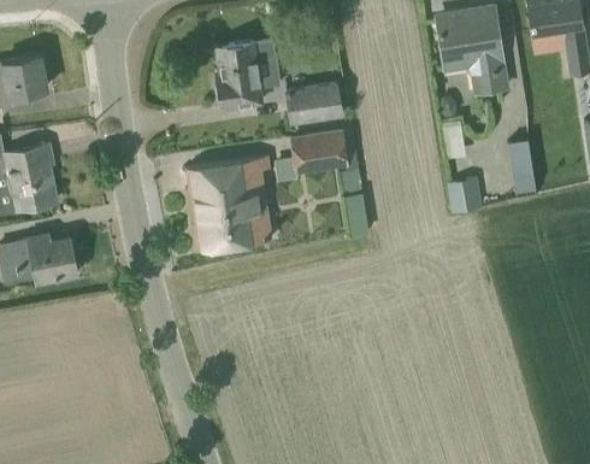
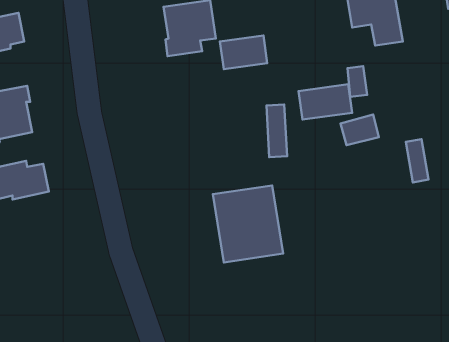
building: [289,130,354,174] -> [299,84,352,120]
building: [507,139,535,192] -> [406,139,429,183]
building: [187,157,272,251] -> [213,185,283,262]

